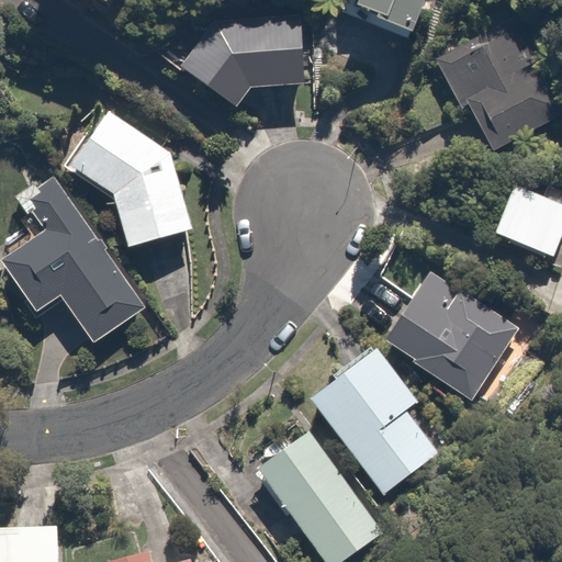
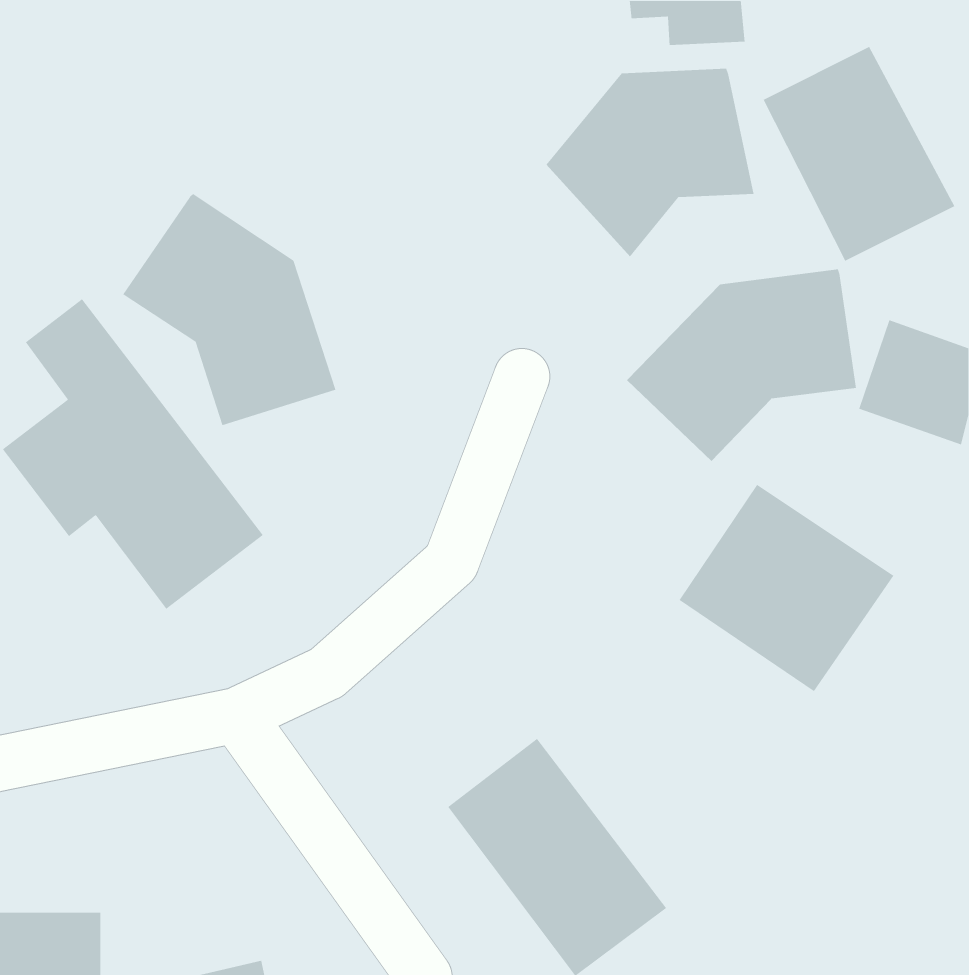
building: [176,21,304,113] -> none
building: none -> [545,68,755,257]
building: none -> [626,268,857,462]
building: [313,351,436,497] -> none

